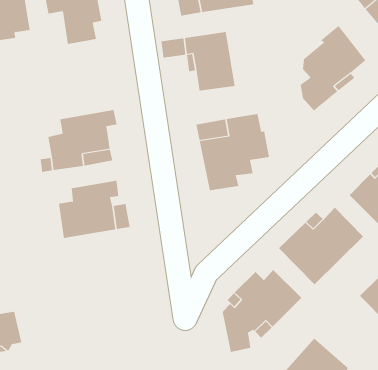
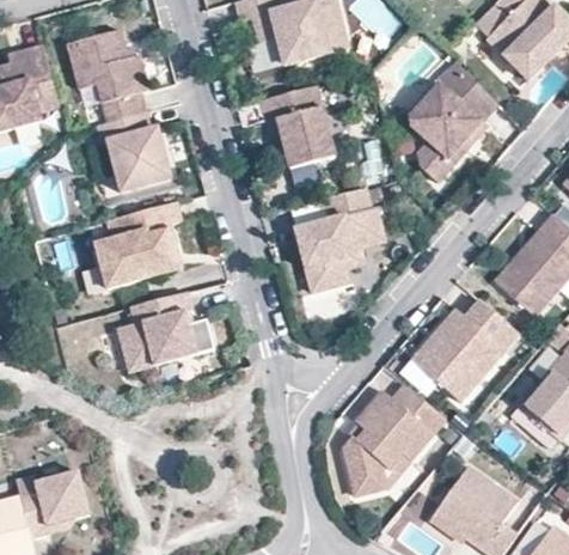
building: none -> [99,110,176,196]

